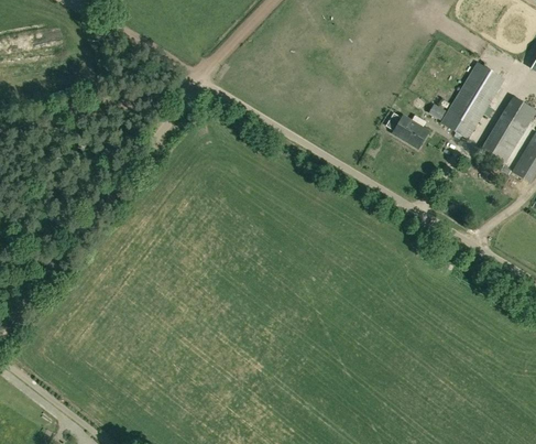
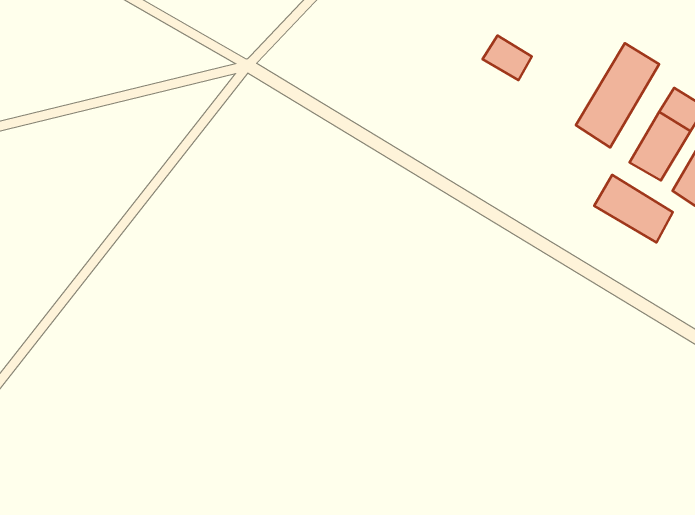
building: [392,115,428,148] -> [483,35,532,80]
building: none -> [594,175,673,242]

